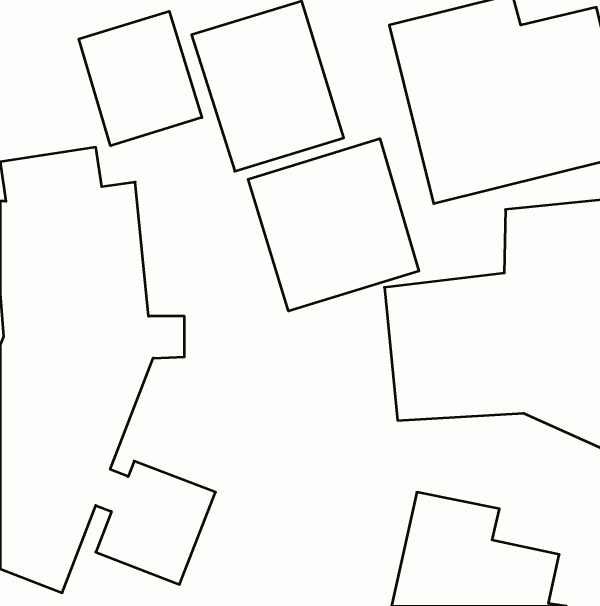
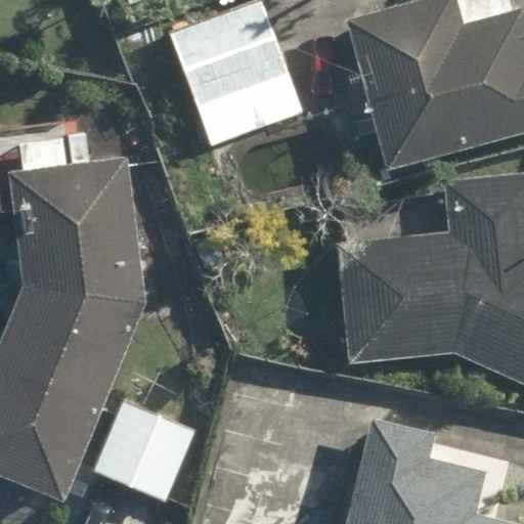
building: [79,11,202,146] -> none
building: [248,139,419,311] -> none

